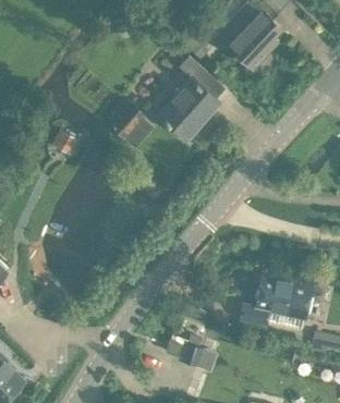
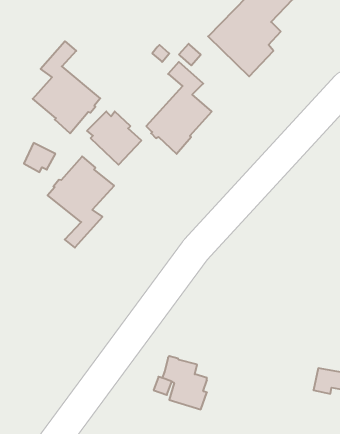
building: none -> [33,41,100,133]
building: none -> [48,156,114,248]
building: [241,273,328,331] -> none

